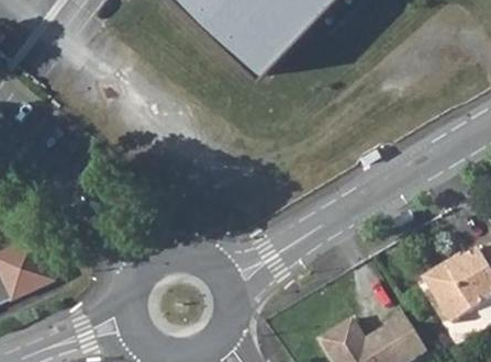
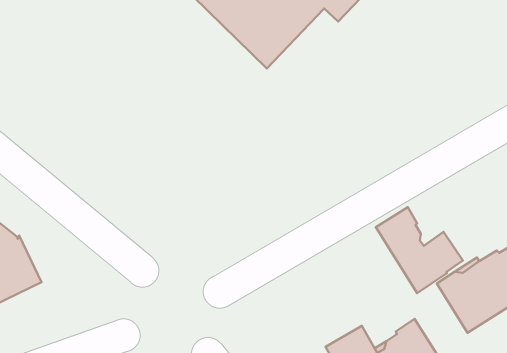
building: none -> [376,207,463,293]

